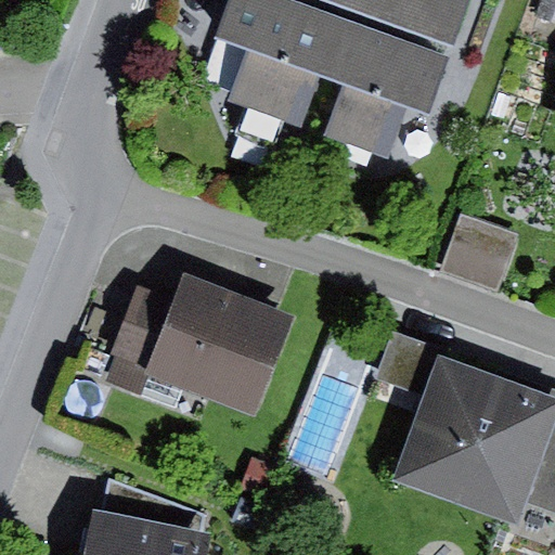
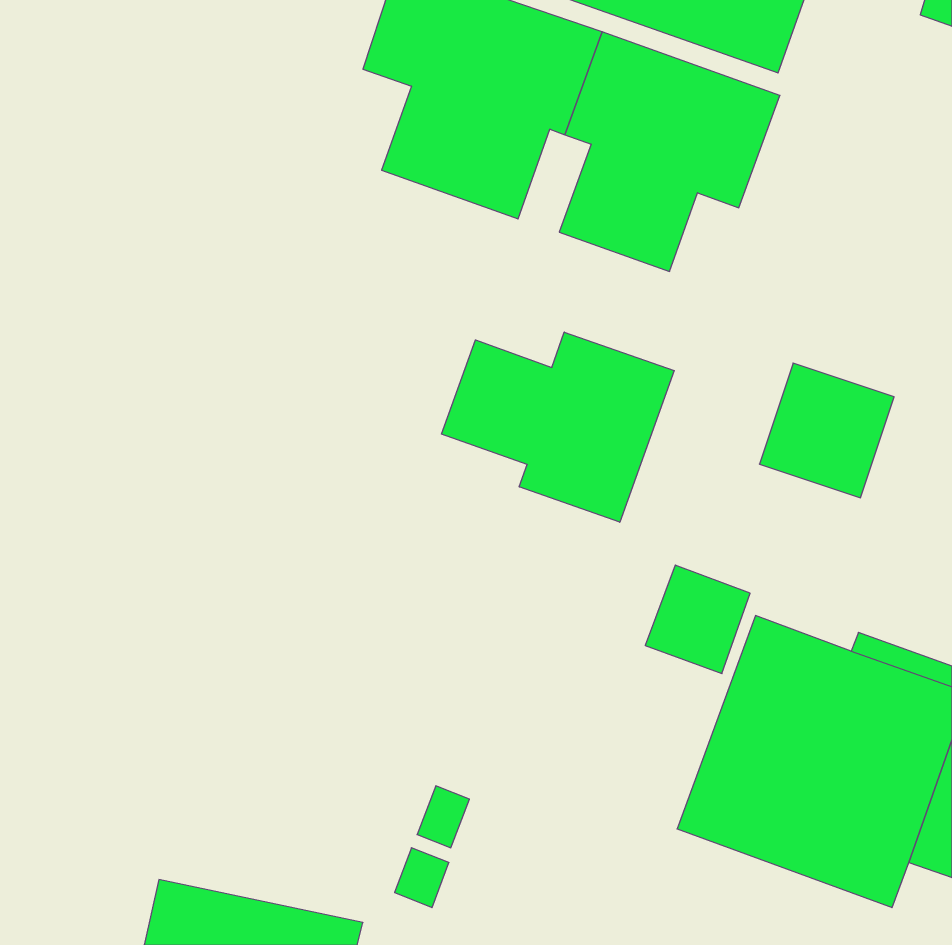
building: none -> [442,332,674,522]
building: [103,279,299,420] -> none

